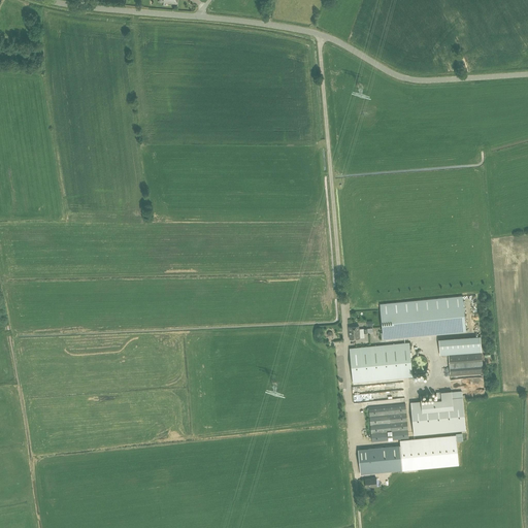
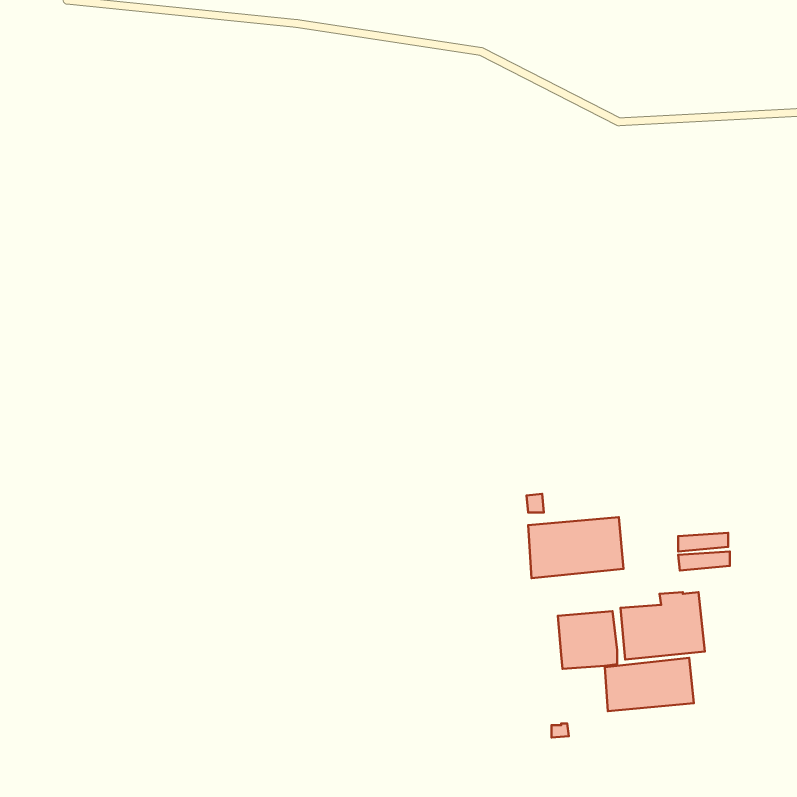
building: [378,297,464,340] -> none
building: [437,337,481,356] -> none
building: [357,447,400,474] -> none

